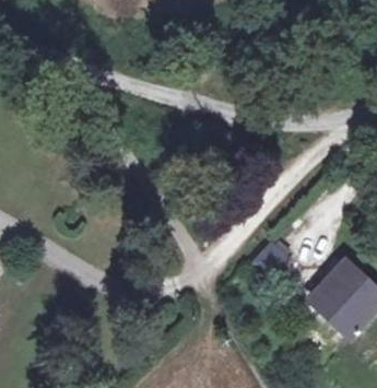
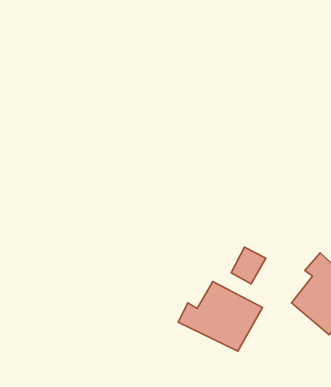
building: none -> [178,282,262,351]

